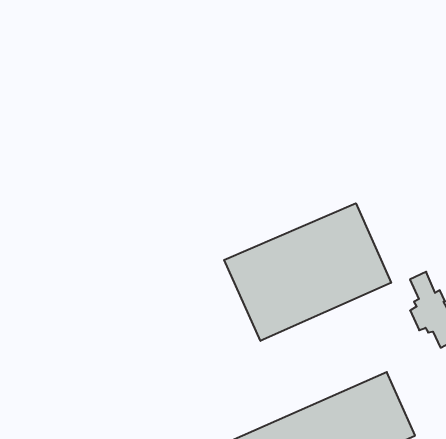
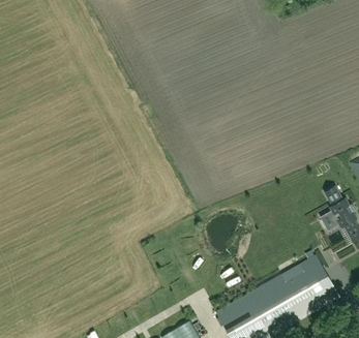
building: [224,203,391,341] -> none

